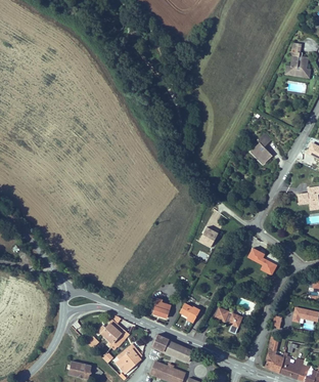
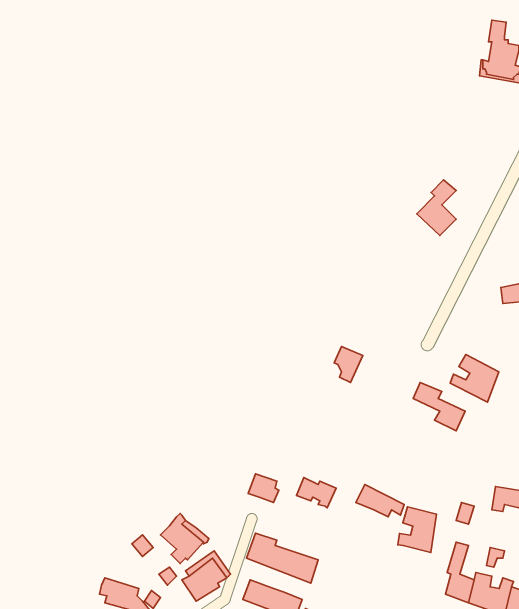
building: none -> [450,354,499,402]
building: none -> [398,507,437,552]

